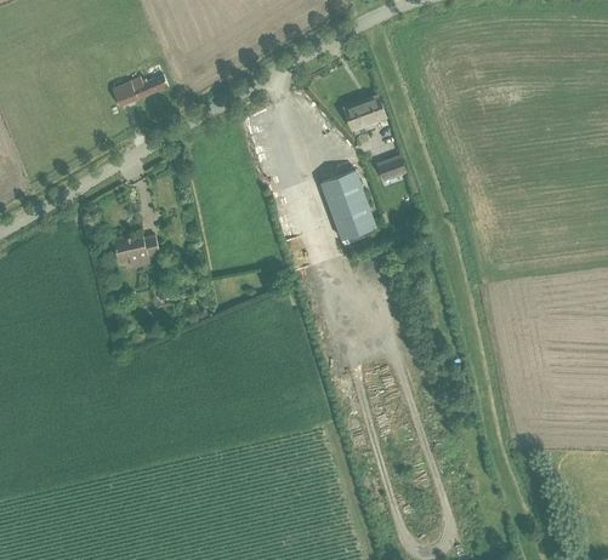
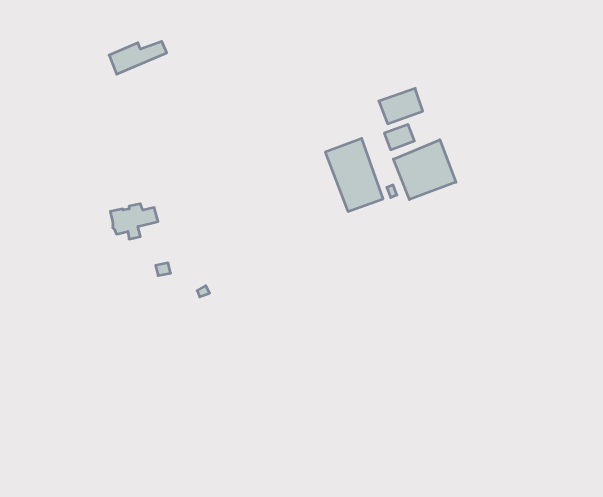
building: [343,95,386,128] -> [379,88,423,124]
building: none -> [393,140,456,200]

